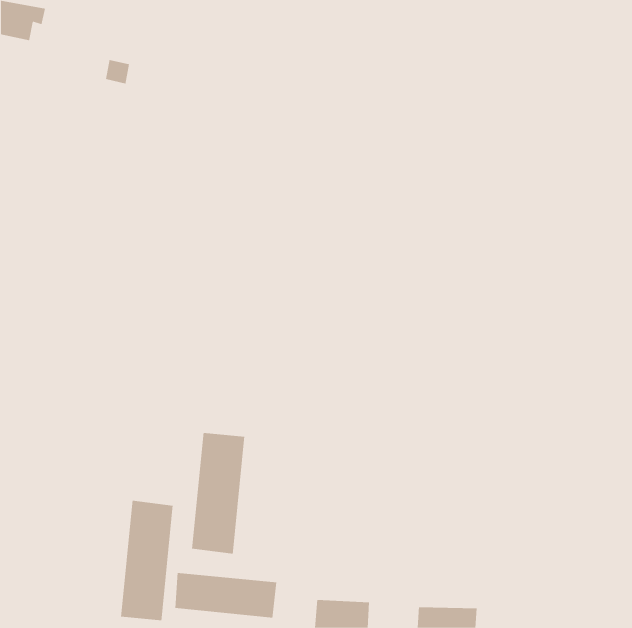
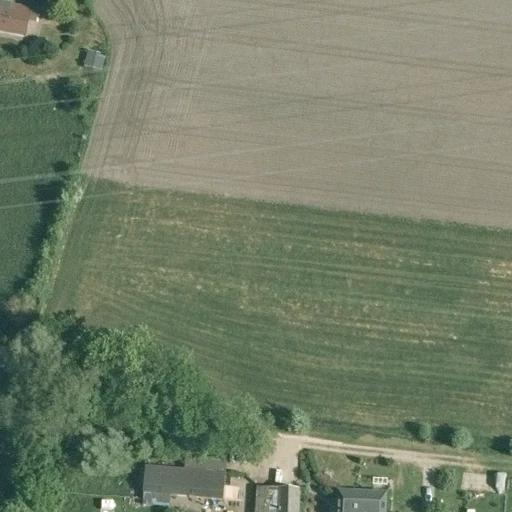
building: [192,432,245,554] -> none
building: [121,500,173,621] -> none

